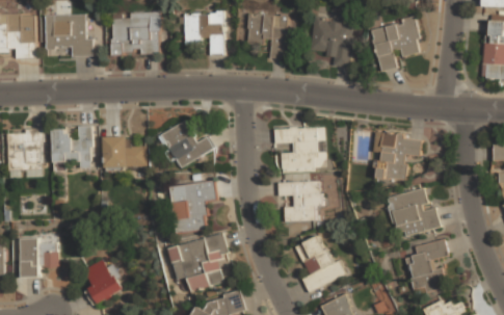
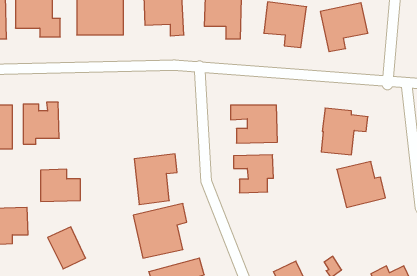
building: [160,119,215,167] -> none
building: [104,134,147,168] -> [41,169,80,201]
building: [295,235,345,291] -> none
building: [405,239,448,292] -> none

